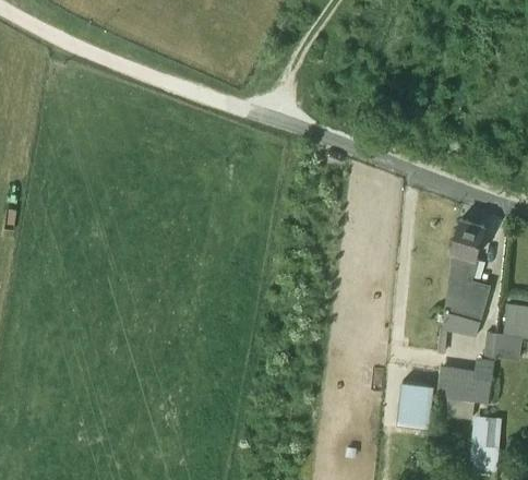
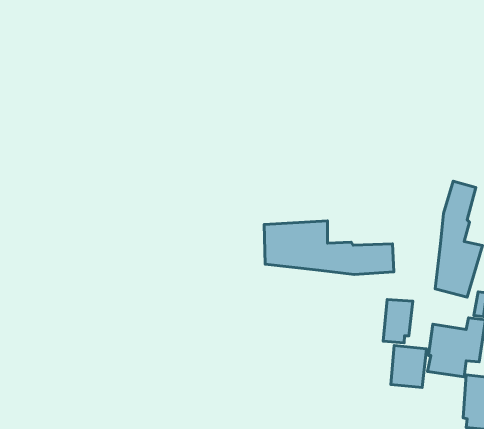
building: none -> [264,221,394,274]
building: none -> [383,299,413,343]

